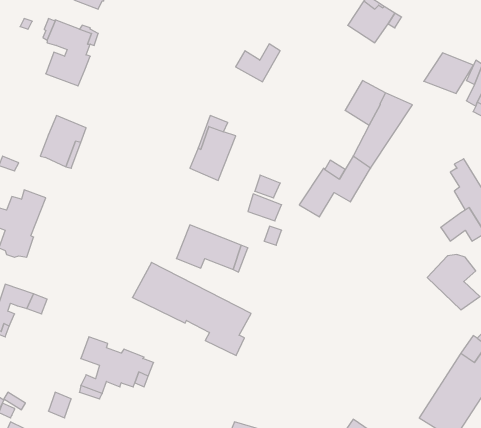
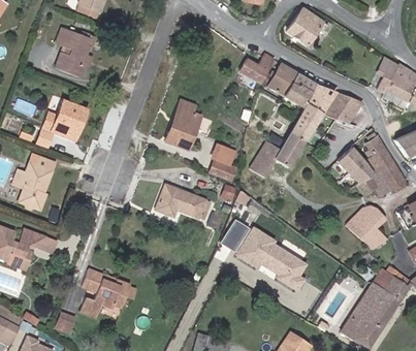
building: [236,44,280,82] -> [241,54,275,83]
building: [424,53,474,93] -> [324,92,362,123]
building: none -> [268,63,298,96]
building: none -> [35,110,58,149]
building: none -> [341,147,374,183]
building: [132,262,251,355] -> [221,219,312,290]

